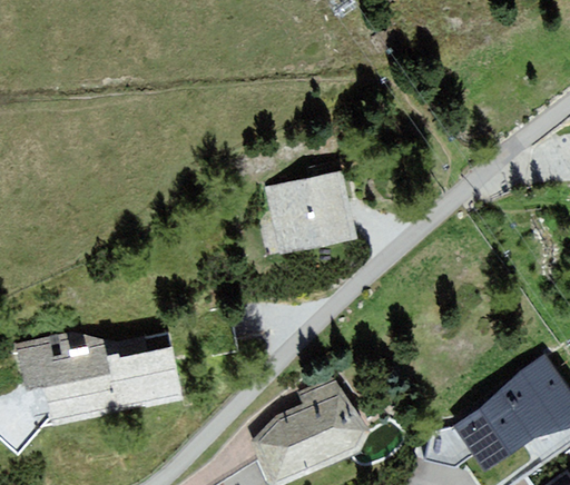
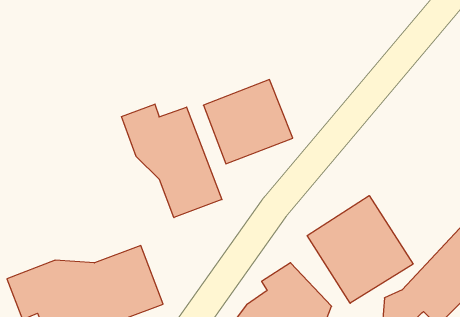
building: none -> [122,104,222,218]
building: none -> [307,196,413,303]

